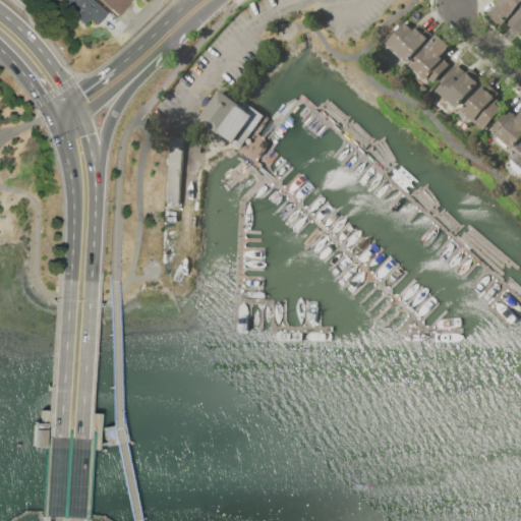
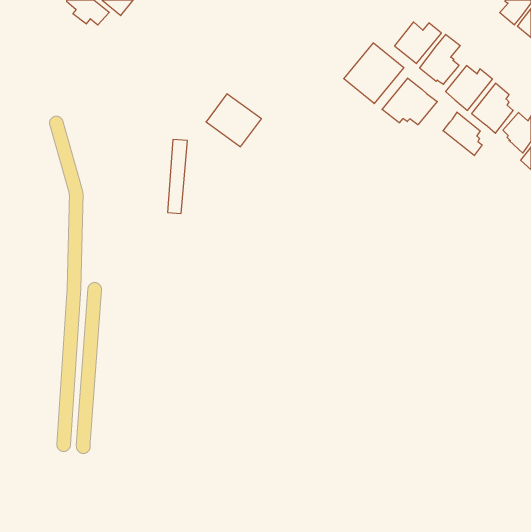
building: none -> [344,43,404,104]
building: none -> [382,78,437,125]
building: none -> [443,112,482,156]

